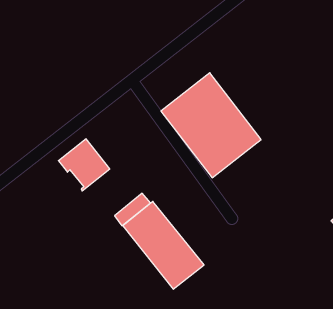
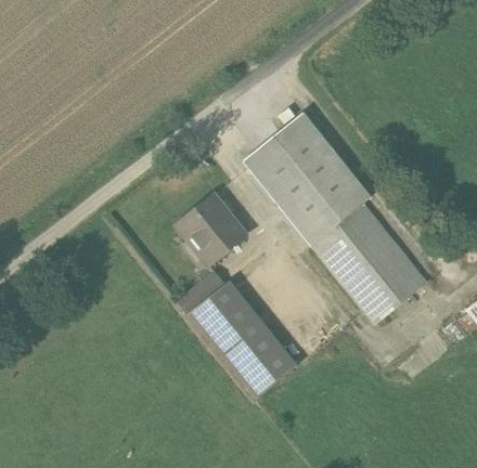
building: [58,139,110,191] -> [179,194,247,263]
building: none -> [310,205,425,327]

